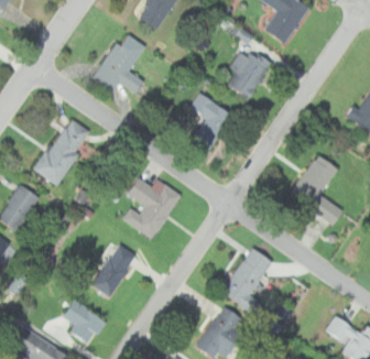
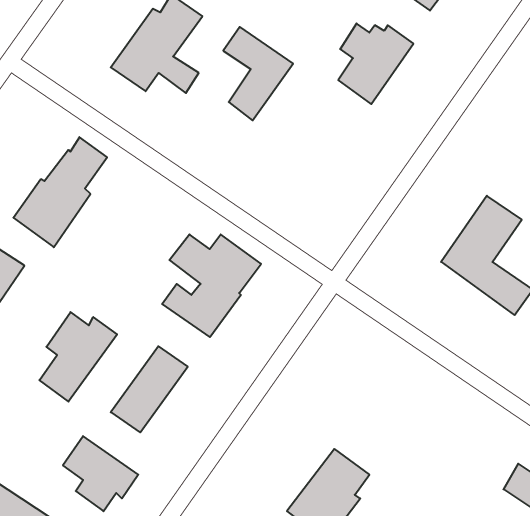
building: [191,93,232,149] -> [223,27,293,120]
building: none -> [39,312,117,402]
building: [221,247,273,317] -> none

